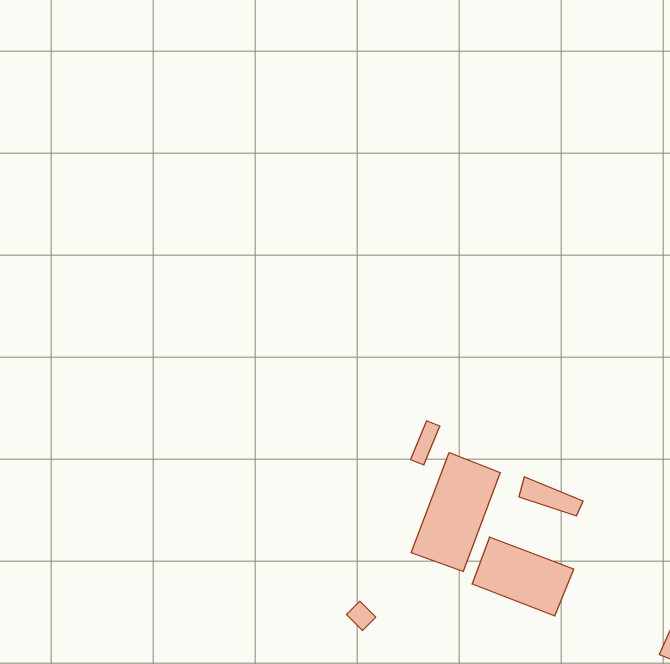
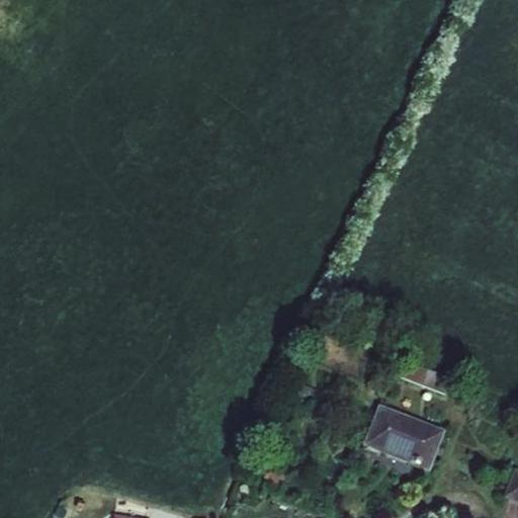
building: [411,453,500,572] -> none

